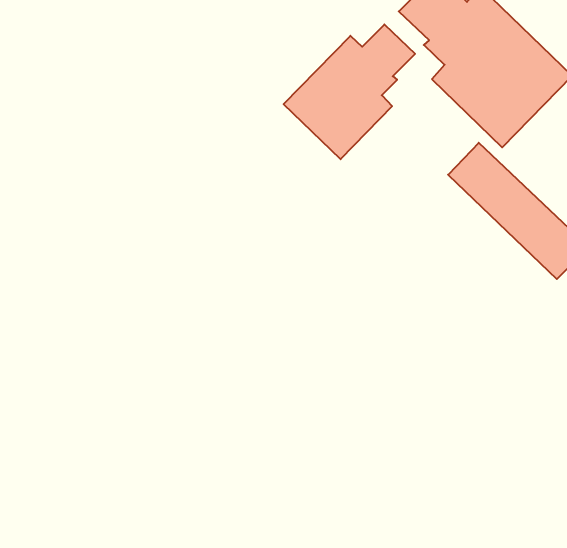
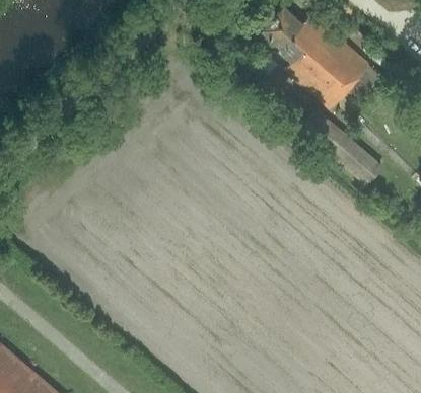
building: [284,24,415,159] -> none

